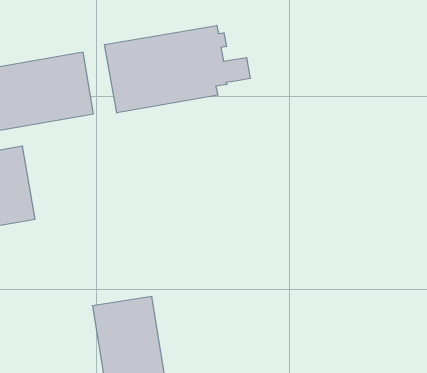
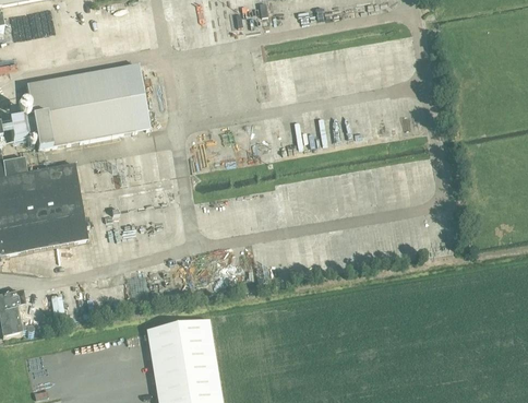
building: [105,25,250,113] -> none

